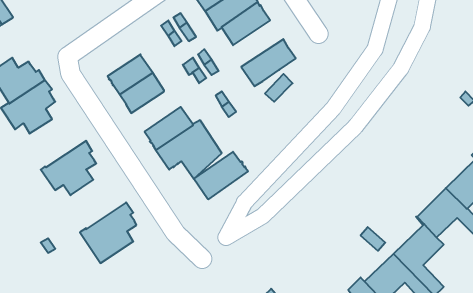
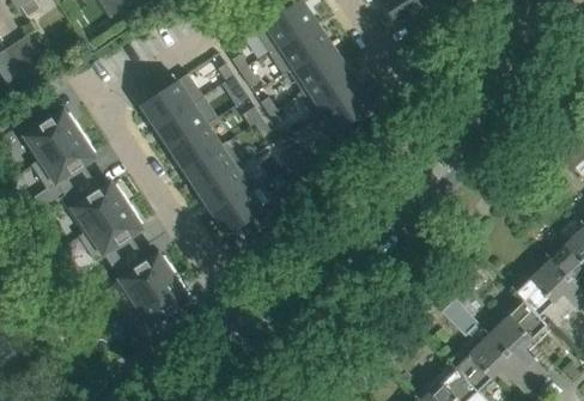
building: none -> [296,62,359,116]
building: none -> [139,73,202,127]
building: none -> [182,140,239,192]
building: none -> [59,177,129,233]
building: [194,152,248,199] -> none
building: none -> [111,248,176,305]

